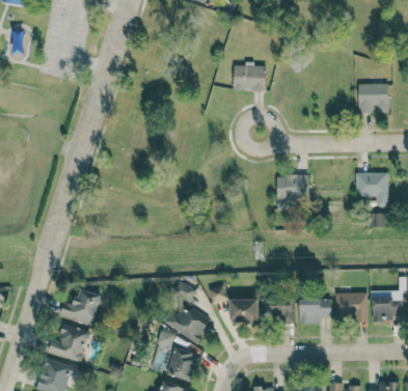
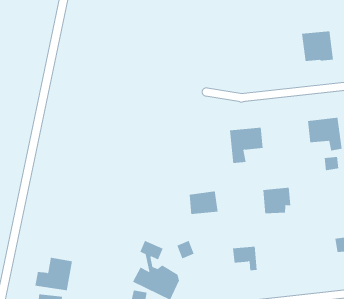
building: [233,64,265,91] -> none
building: [333,292,364,322] -> none
building: [230,299,260,320] -> [189,191,219,215]
building: [299,299,327,325] -> [262,187,291,214]

